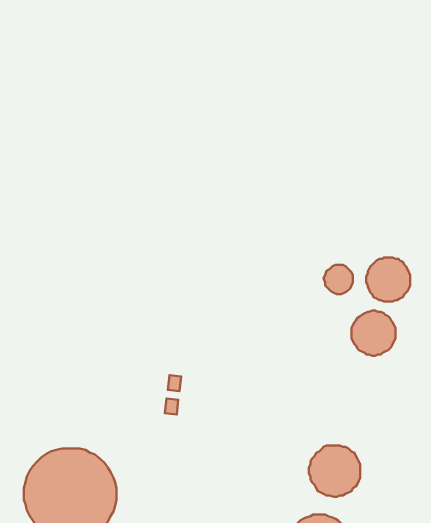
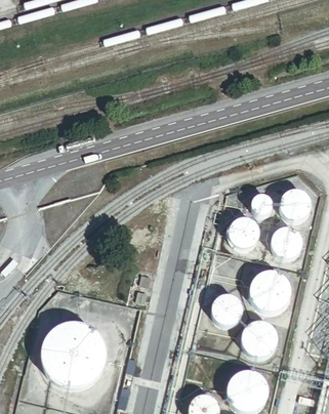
building: none -> [228,219,258,250]
building: none -> [248,270,290,312]
building: none -> [210,294,242,325]

